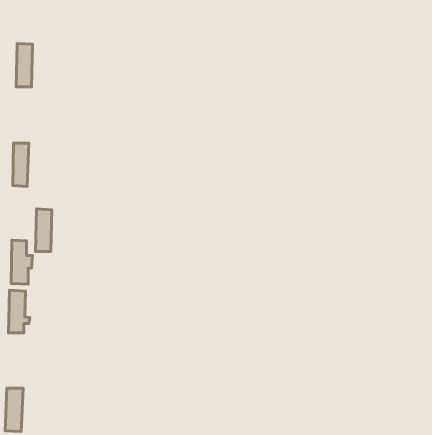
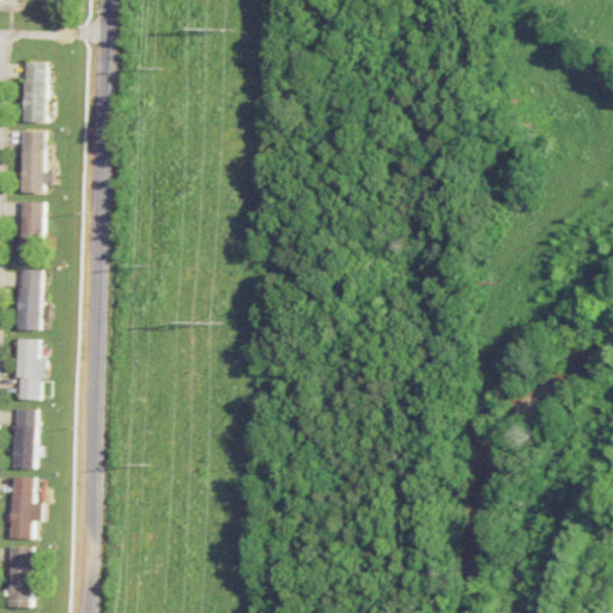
building: none -> [20,132,53,192]
building: [36,209,52,251] -> [17,269,40,329]
building: none -> [10,477,42,538]

